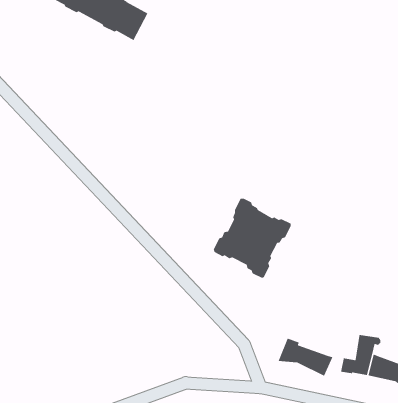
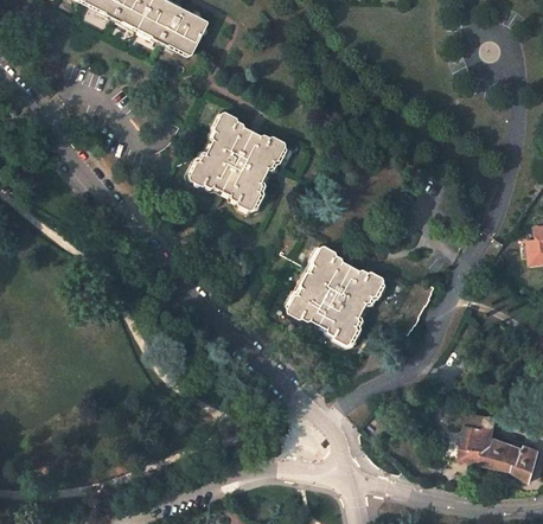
building: none -> [191,111,287,210]
building: [277,337,333,377] -> none

